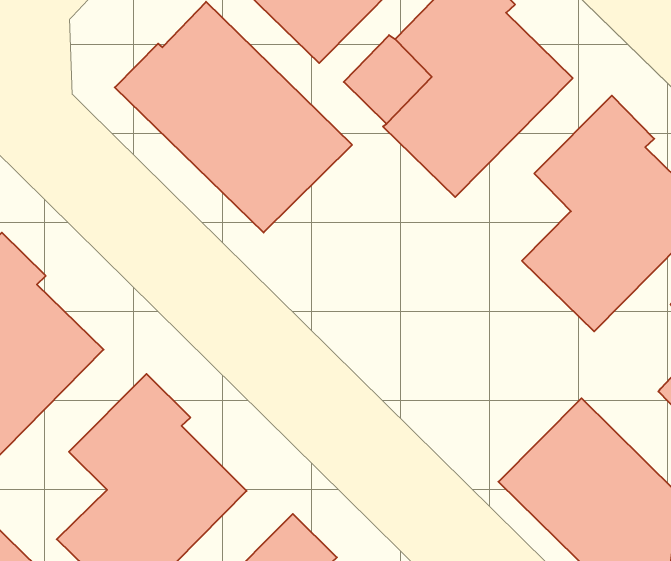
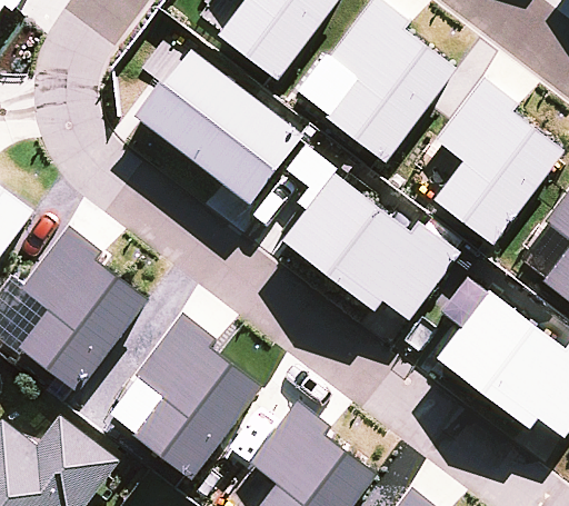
building: none -> [282,173,458,318]

